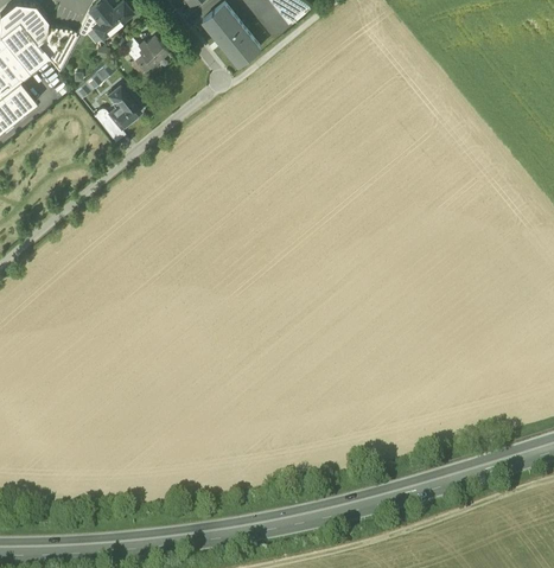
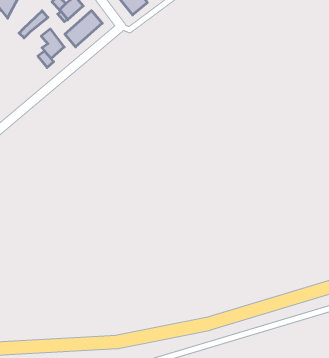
building: none -> [65,11,102,47]

